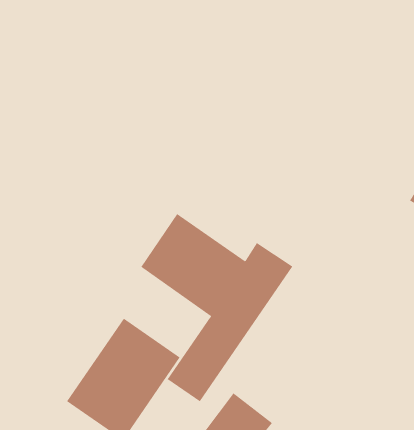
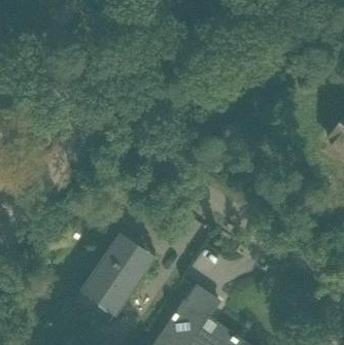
building: [140,213,293,402] -> none

